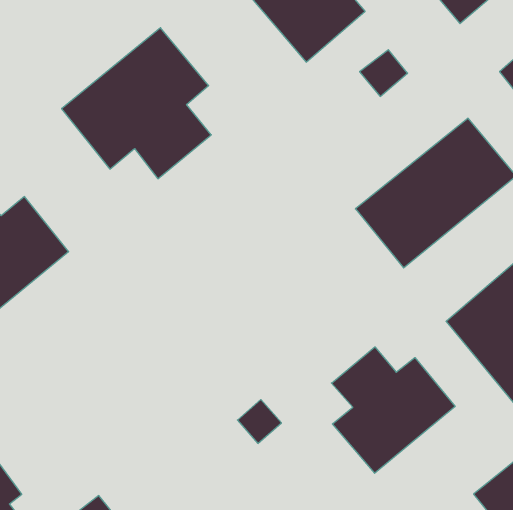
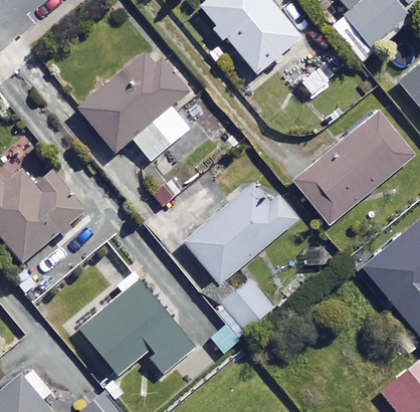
building: none -> [186,188,298,283]
building: none -> [81,280,192,375]
building: [331,347,455,473] -> none

